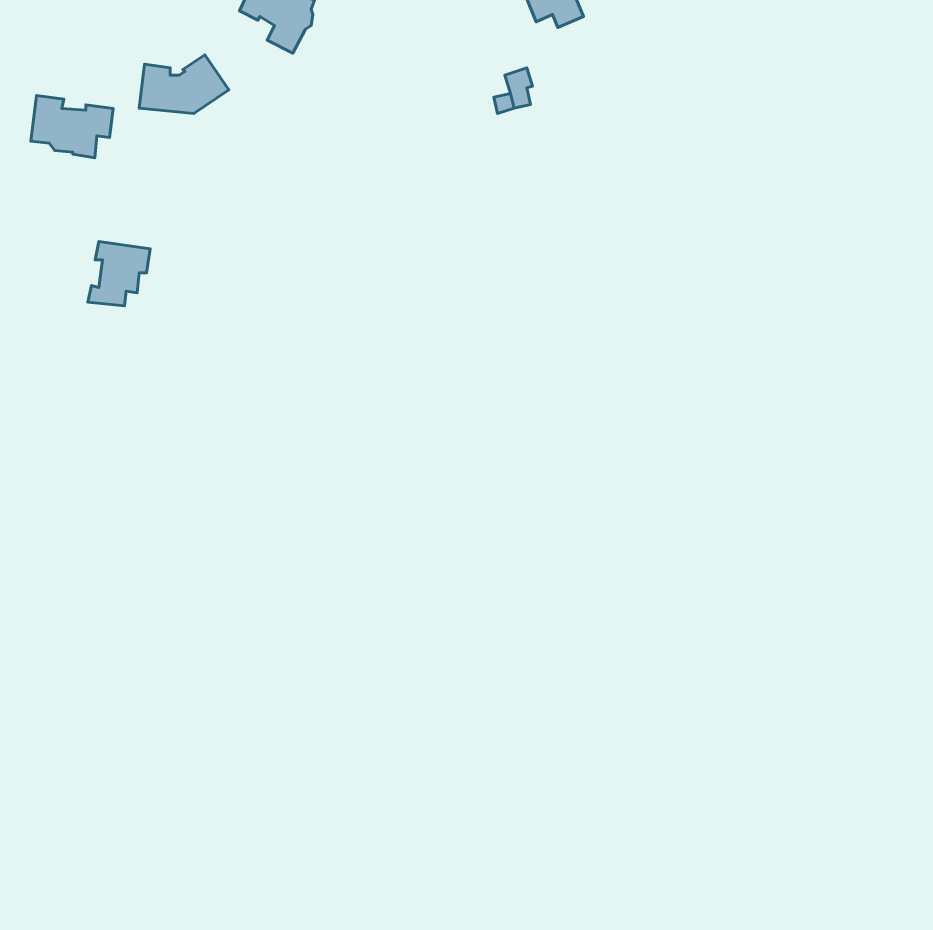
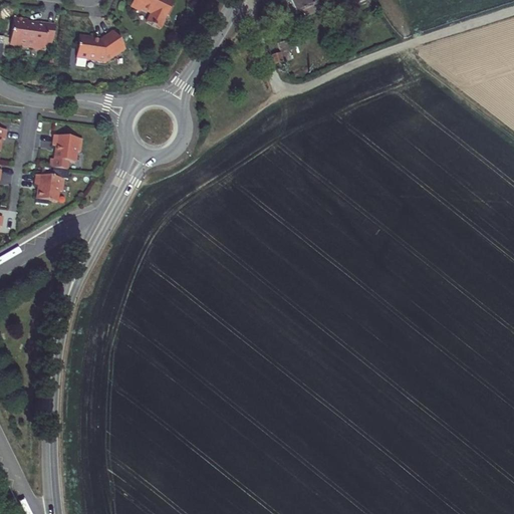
building: [31,96,113,158] -> [9,15,54,49]
building: none -> [35,165,69,200]

